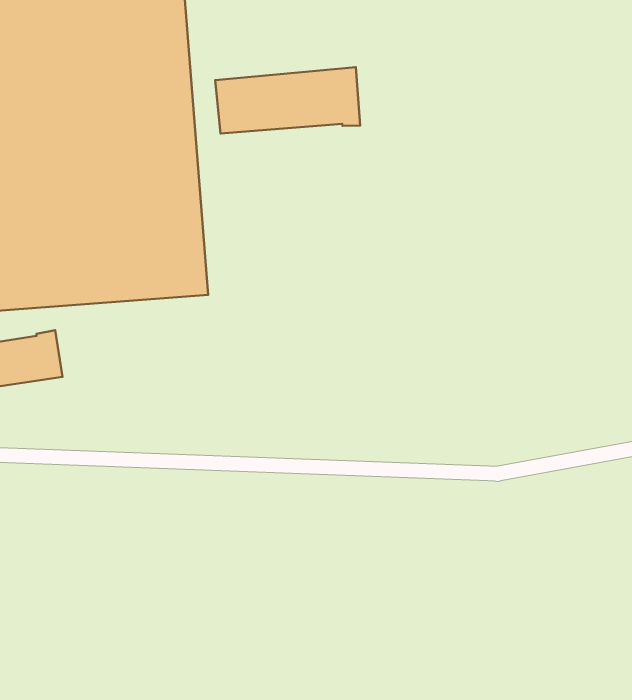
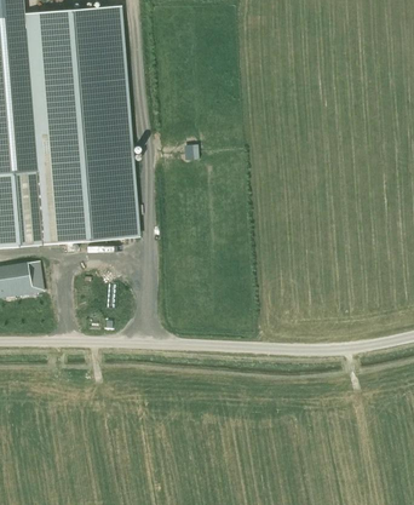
building: [215,67,360,133] -> none

